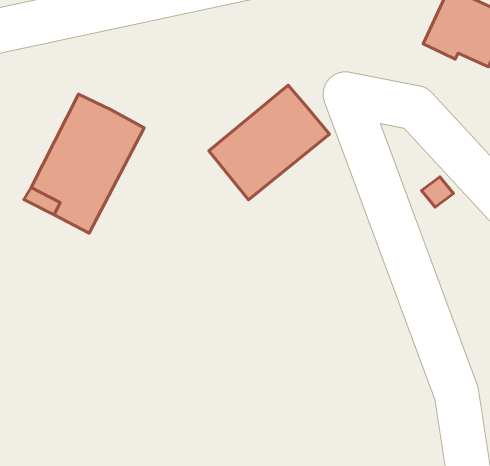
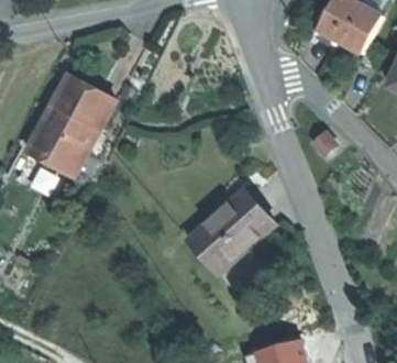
building: [209,85,329,200] -> [188,190,275,273]

